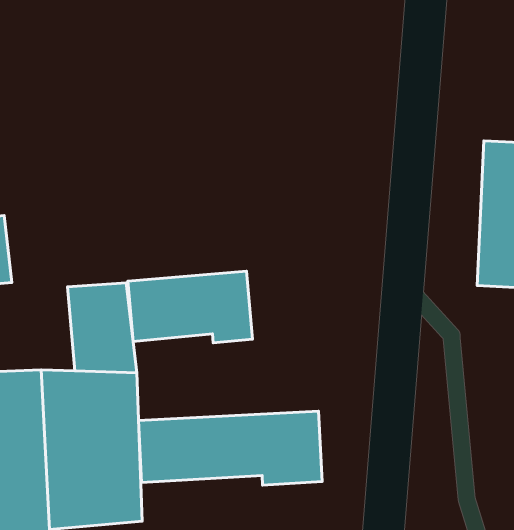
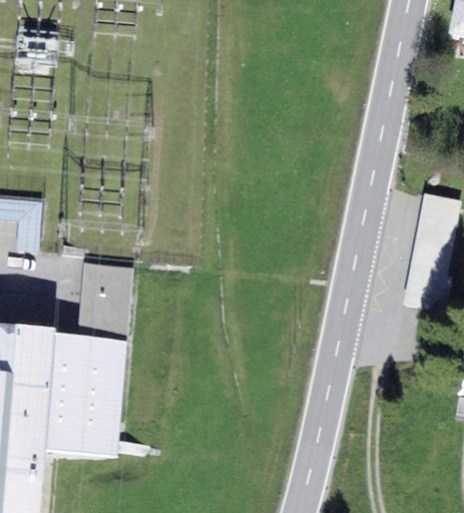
building: [128,271,253,343] -> none
building: [138,411,322,485] -> none

